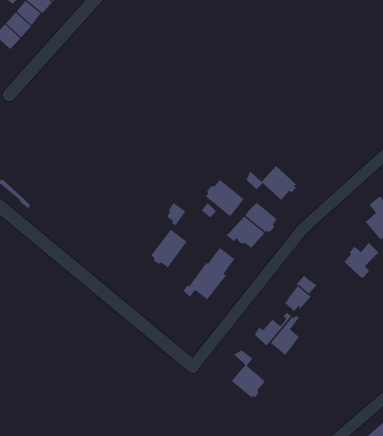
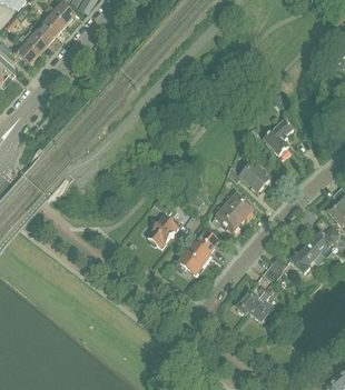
building: none -> [263,118,293,153]
building: [205,179,245,217] -> none
building: none -> [288,241,325,271]
building: [231,349,266,399] -> none

